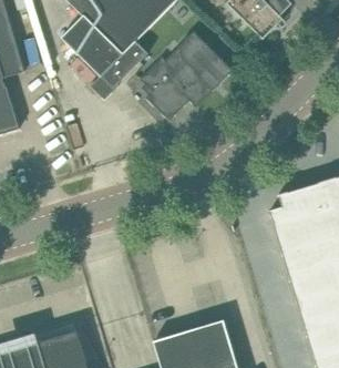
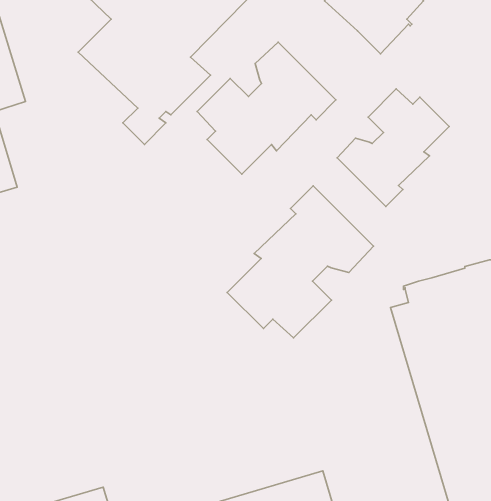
building: none -> [337,89,449,206]
building: none -> [227,186,374,338]

